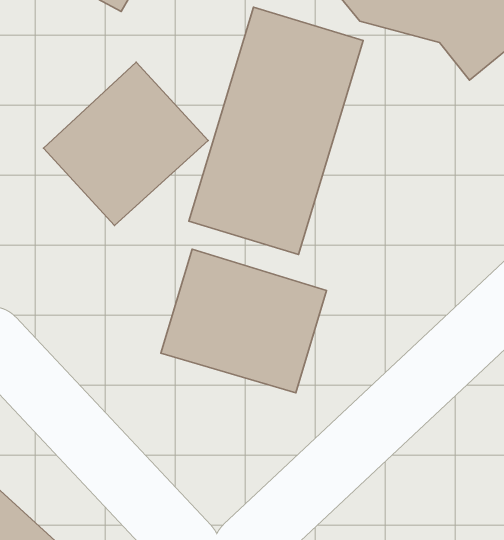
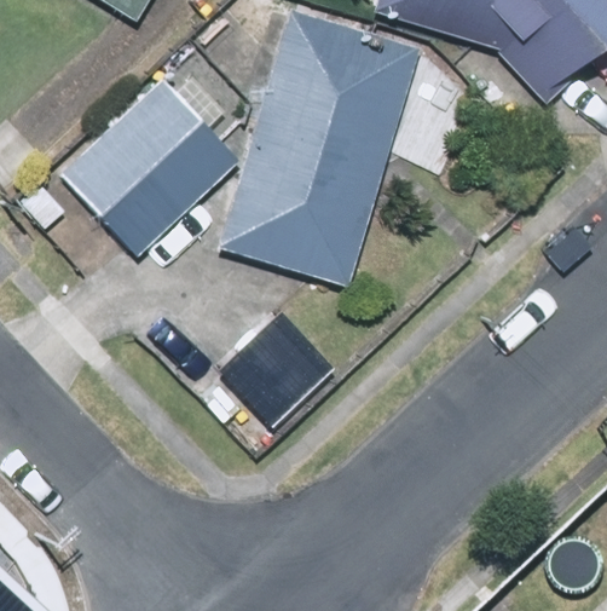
building: [161,249,327,393] -> none

